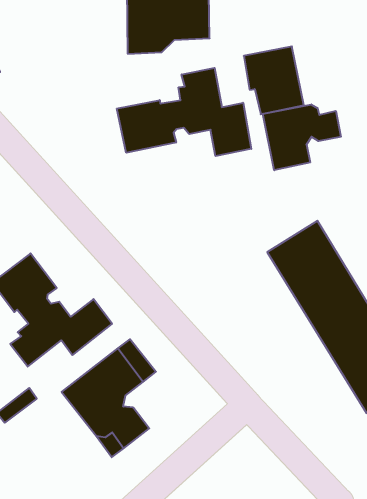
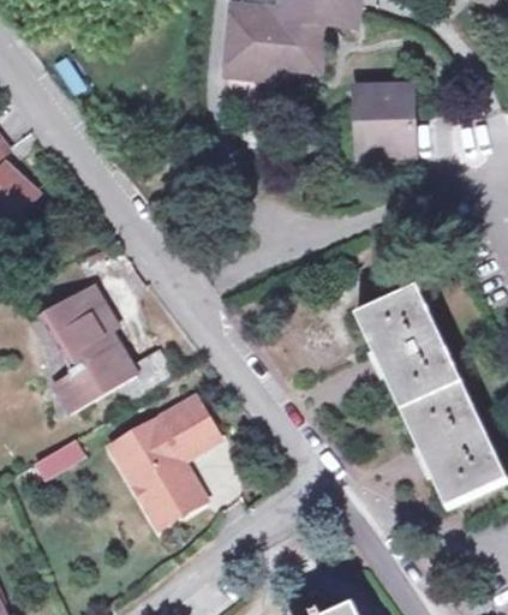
building: [117,68,251,156] -> none
building: [263,104,341,170] -> none

